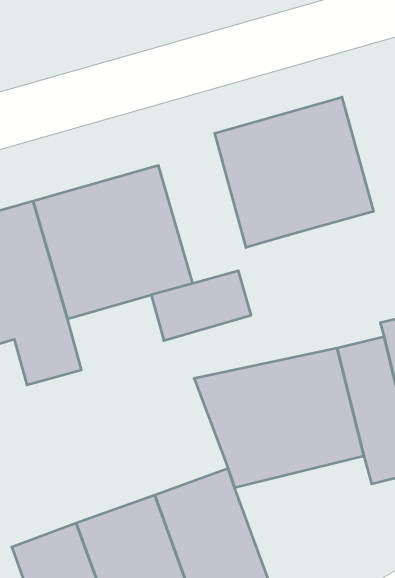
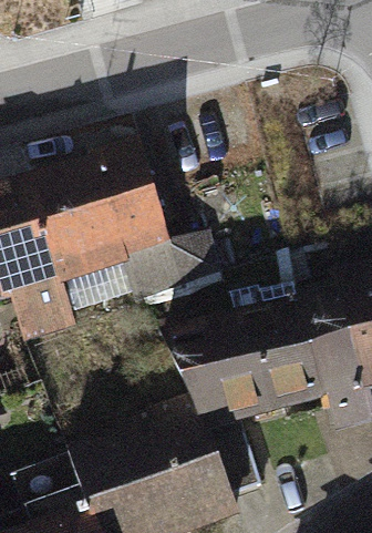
building: [215,97,373,248] -> none

